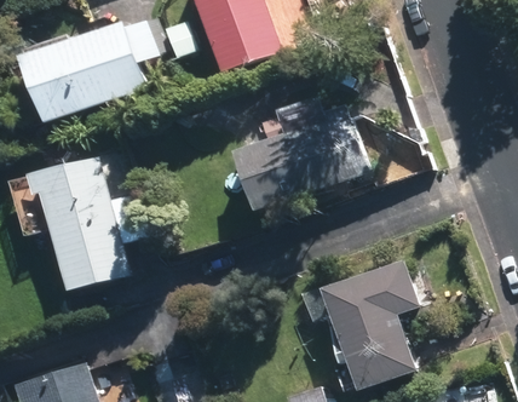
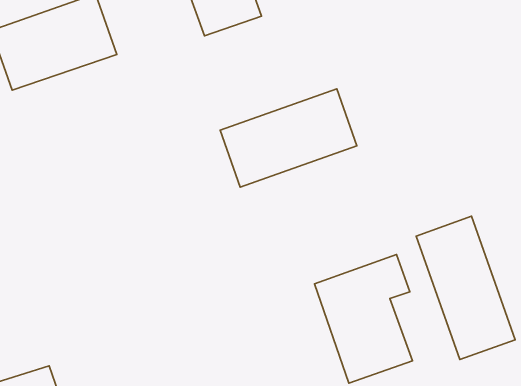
building: [41,159,119,283] -> none
building: none -> [416,216,515,360]

